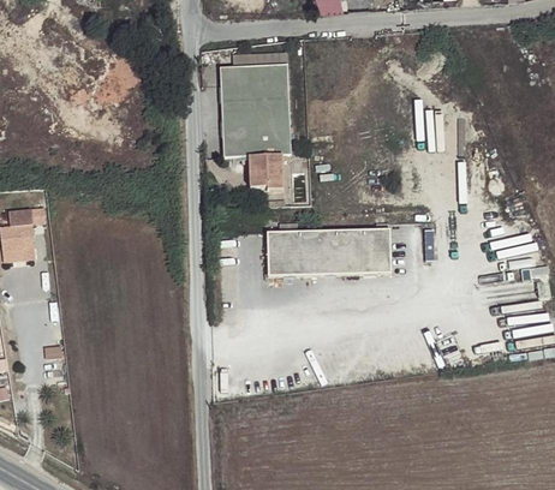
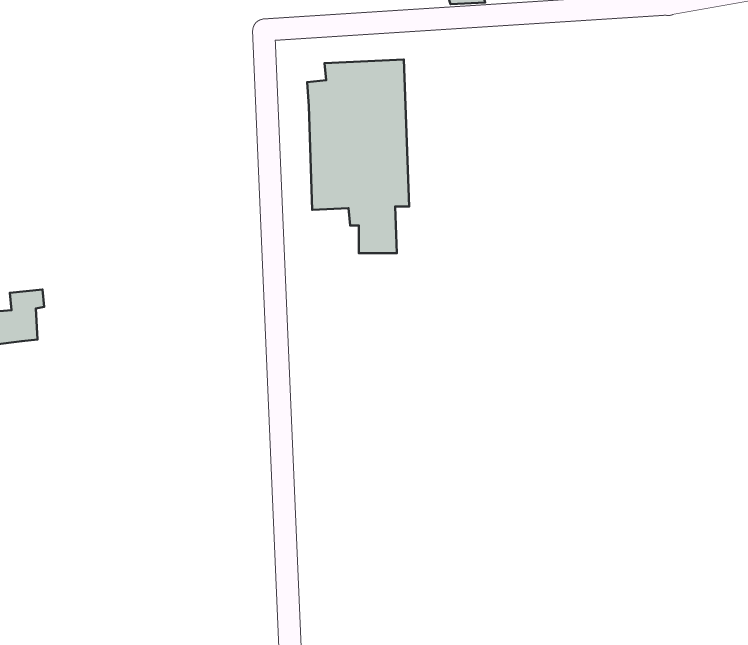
building: [265,227,392,276] -> none

